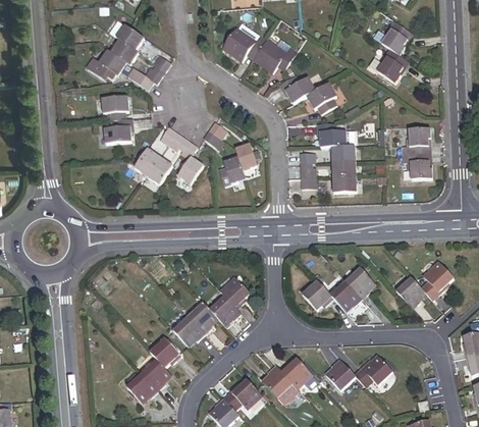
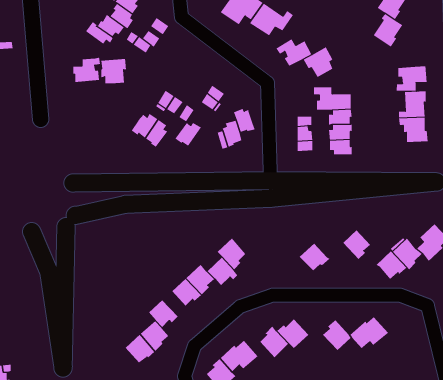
building: none -> [396,66,427,91]
building: [104,118,132,144] -> [73,57,101,82]
building: [330,280,362,310] -> [376,251,407,280]

